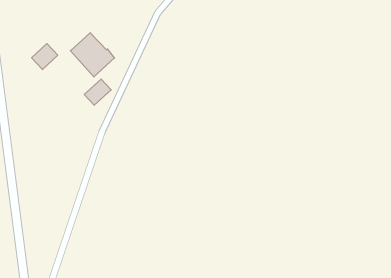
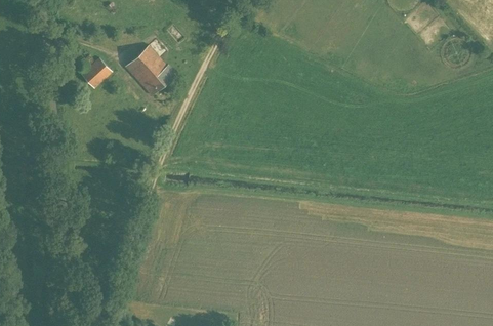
building: [84,79,111,105] -> none

